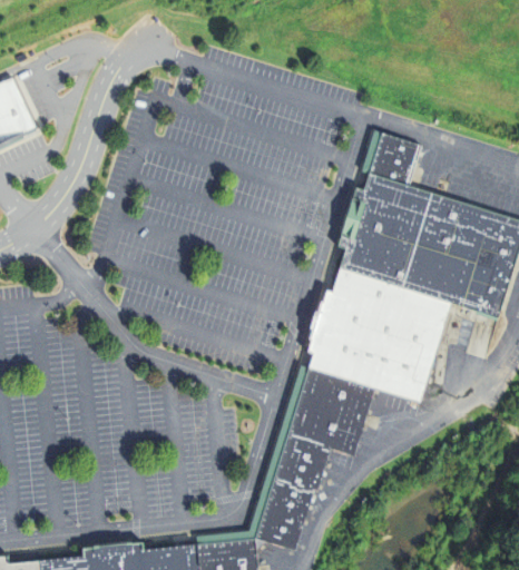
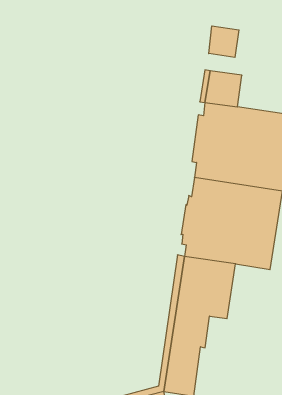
building: none -> [209,26,239,57]

